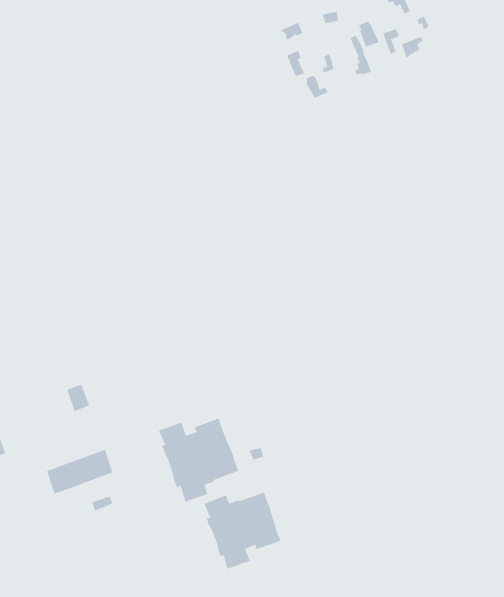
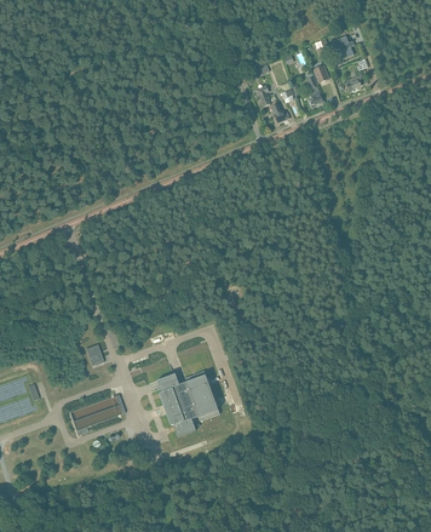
building: [204,492,281,570] -> none

